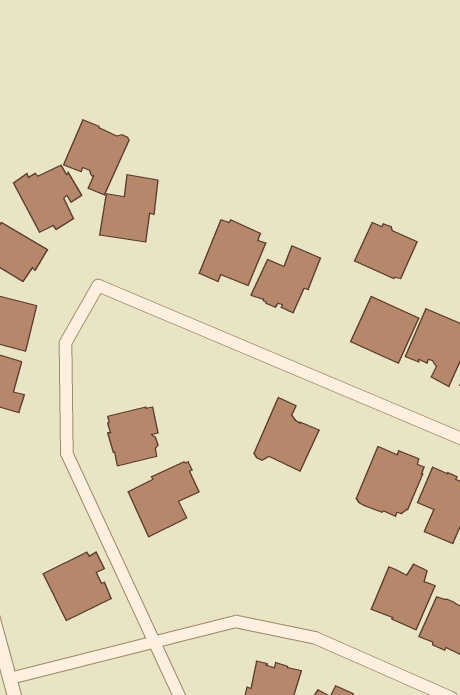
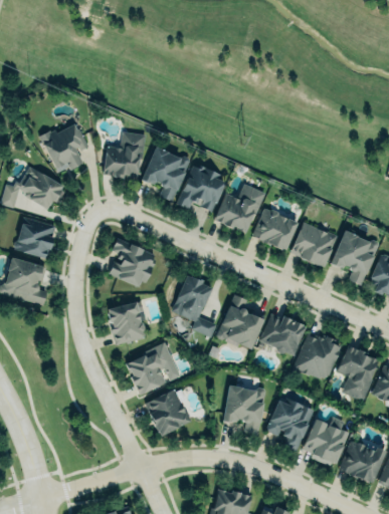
building: [64,120,129,195] -> [143,145,191,200]
building: [354,223,417,279] -> [252,208,299,249]
building: none -> [109,239,157,290]
building: none -> [173,274,218,337]
building: none -> [259,311,308,356]
building: none -> [223,383,267,436]
building: none -> [266,398,315,451]
building: [43,552,111,620] -> [144,388,194,438]

